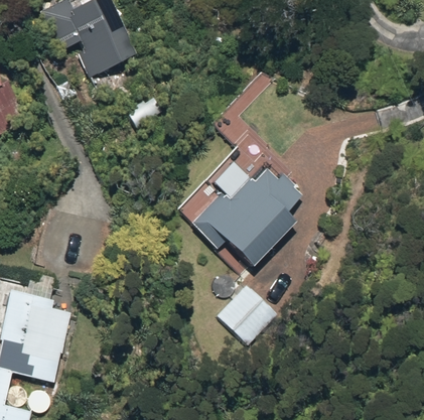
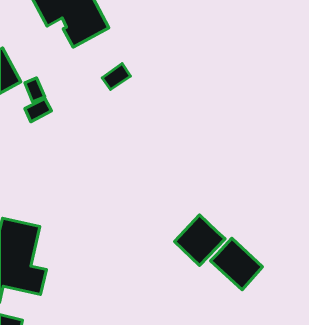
building: [189,159,300,264] -> none
building: none -> [210,238,263,290]

